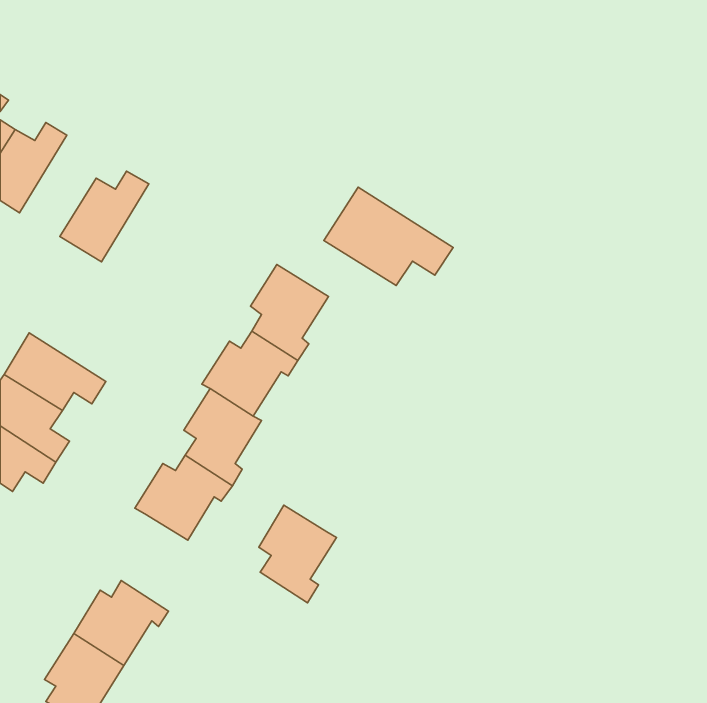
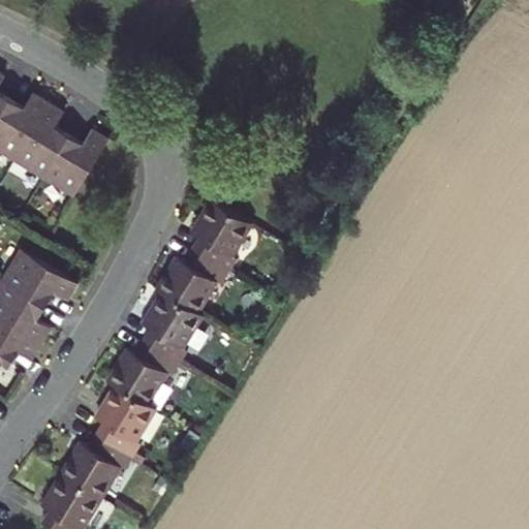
building: none -> [18,106,74,182]
building: [324,187,453,285] -> none
building: [259,505,337,603] -> [92,387,150,460]

